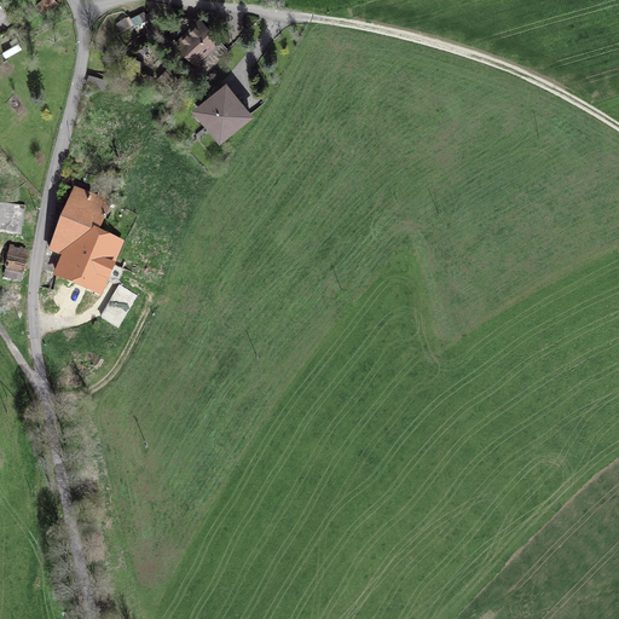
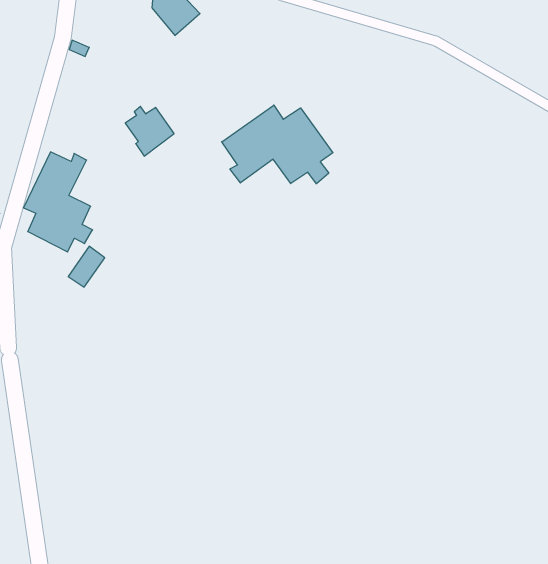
building: [197,87,248,138] -> [125,106,174,156]
building: none -> [222,105,333,184]

